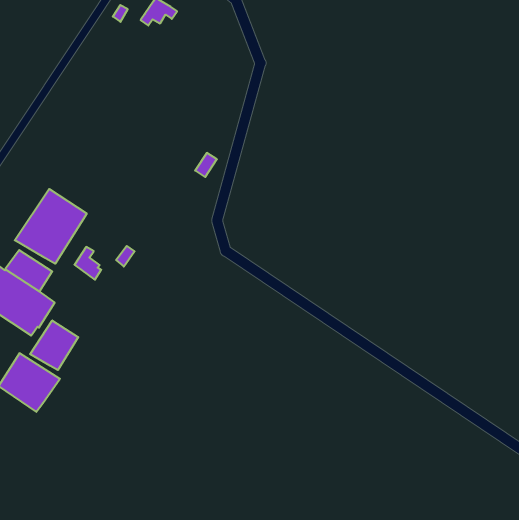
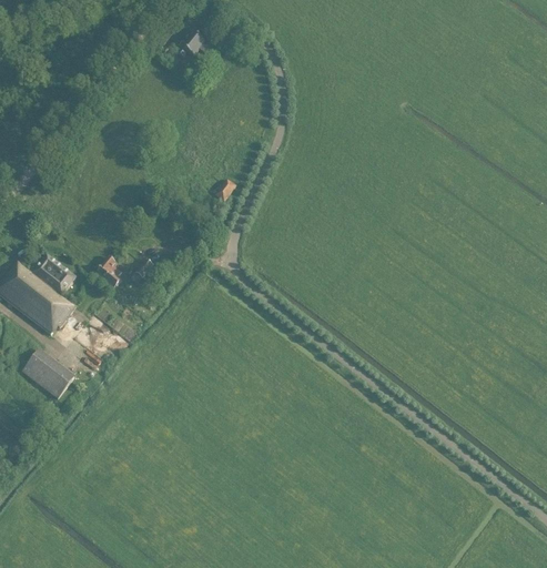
building: [15,189,87,264] -> none
building: [30,320,78,370] -> none

